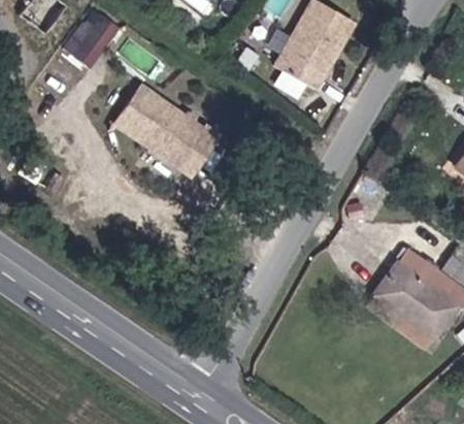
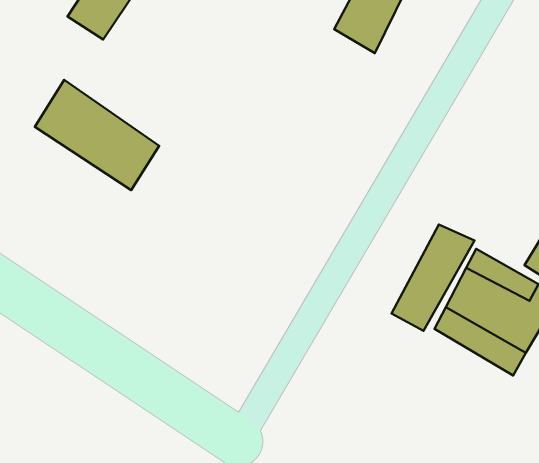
building: [109,79,210,169] -> [35,80,159,190]
building: none -> [391,225,474,331]

